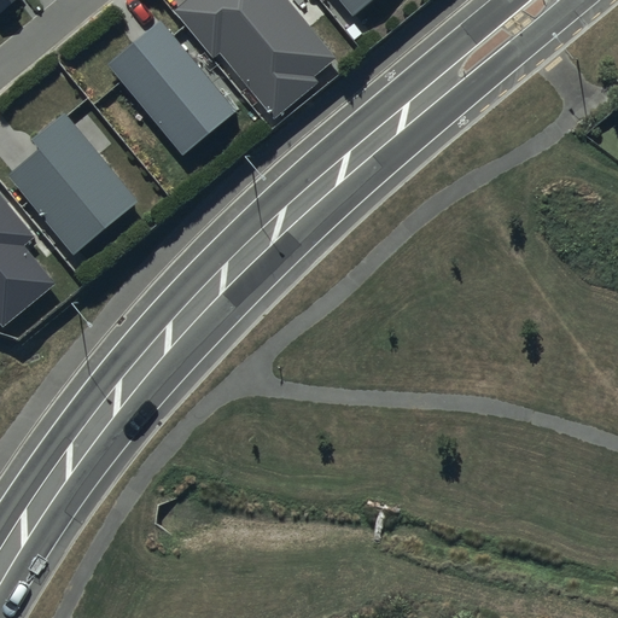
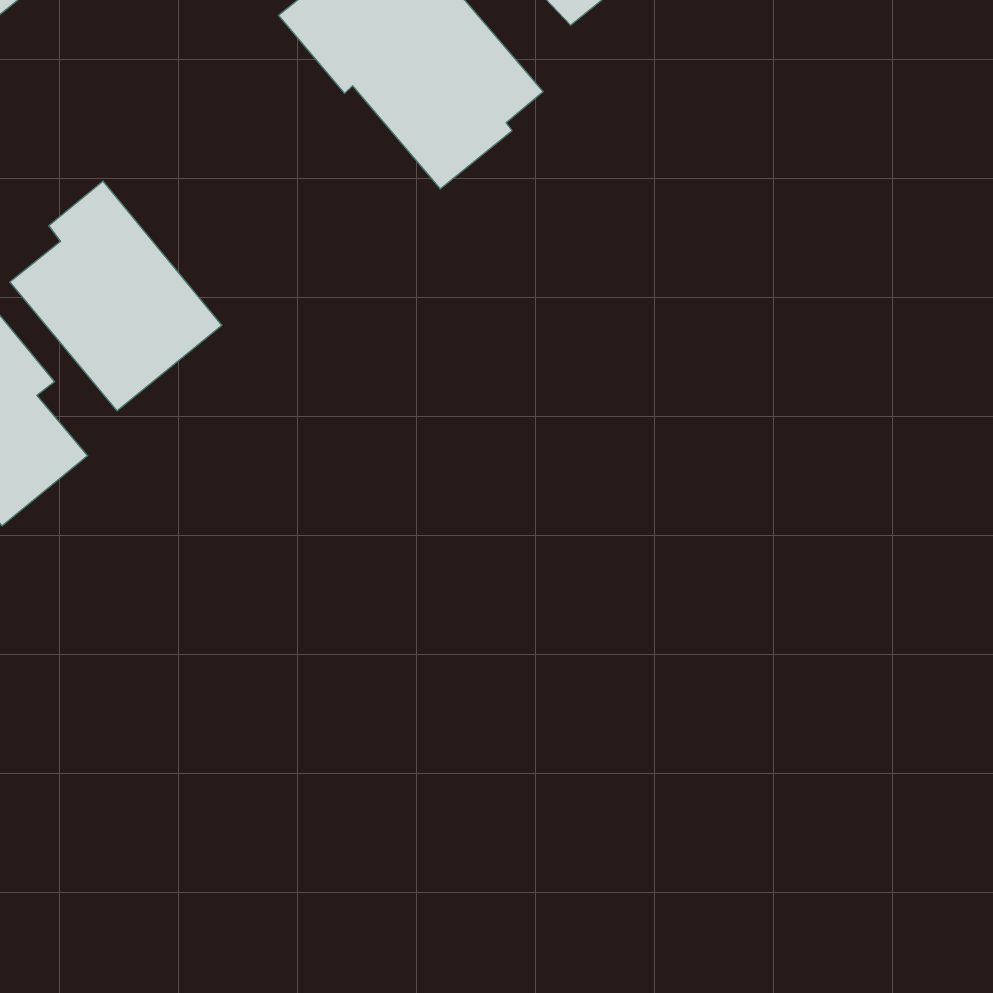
building: [106,19,234,153] -> none

